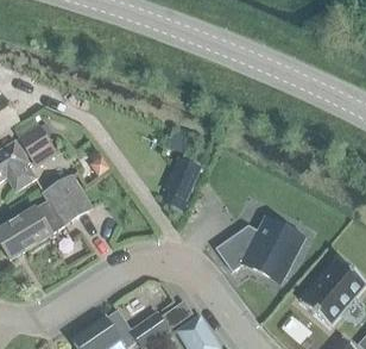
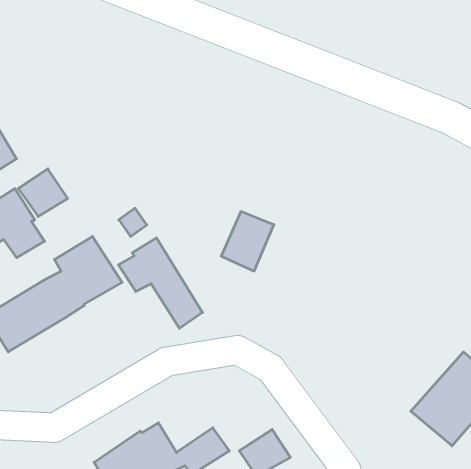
building: none -> [118,238,203,328]
building: [215,218,302,281] -> none

